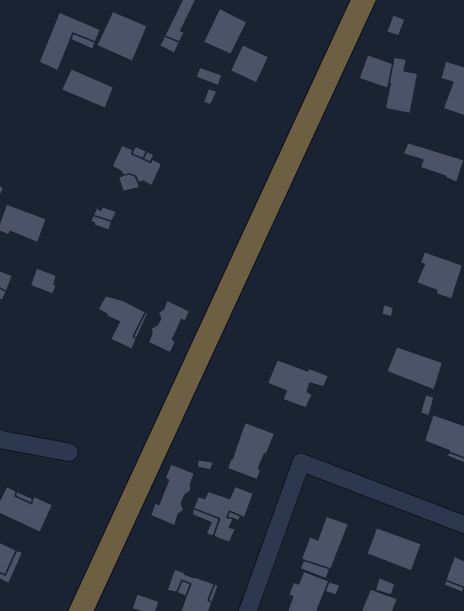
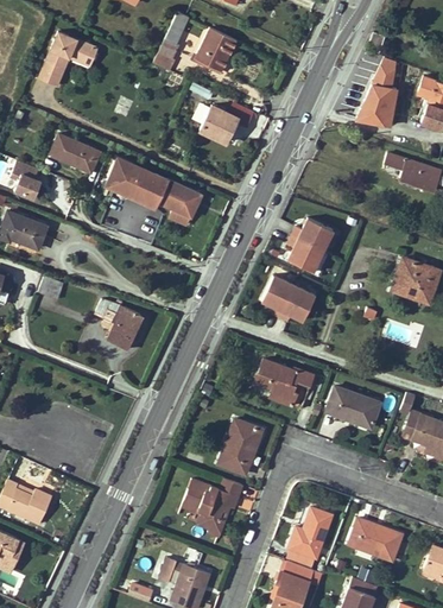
building: [97,11,148,61] -> none
building: [230,44,269,83] -> [200,106,236,142]
building: [61,68,114,108] -> [50,134,100,172]
building: none -> [10,162,40,198]
building: none -> [143,173,201,224]
building: none -> [290,216,335,270]
building: none -> [262,276,317,319]
building: [148,300,190,353] -> none
building: [386,346,443,390] -> [327,387,380,429]
building: [150,464,194,526] -> none

